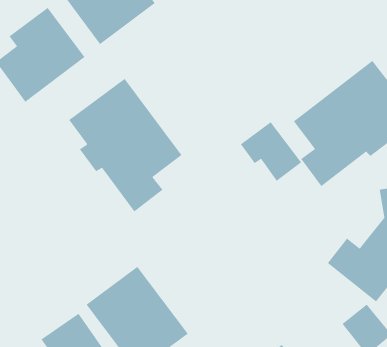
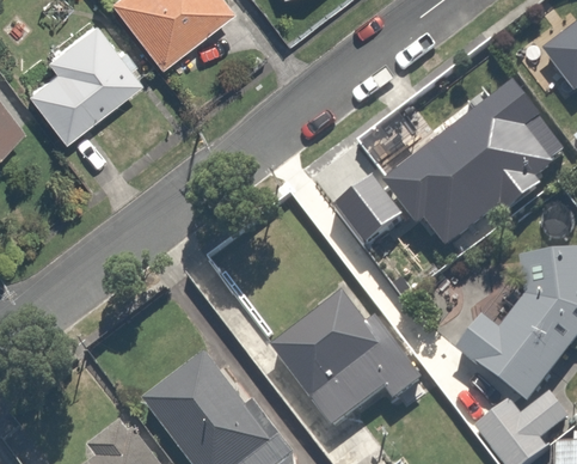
building: [68,78,182,213] -> none
building: none -> [269,289,423,431]

